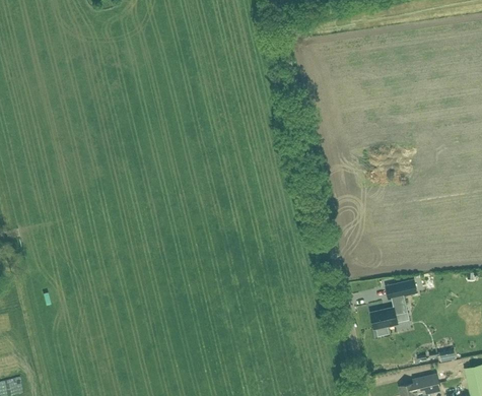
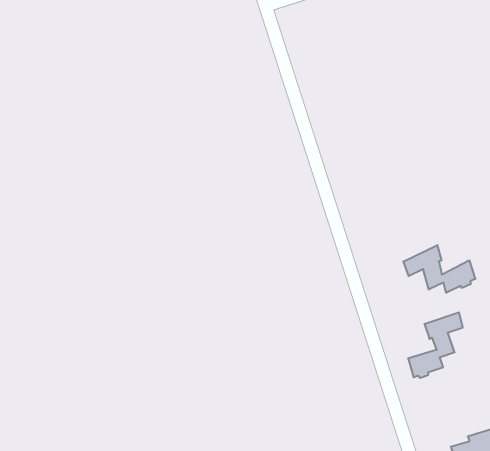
building: none -> [403,245,475,293]

